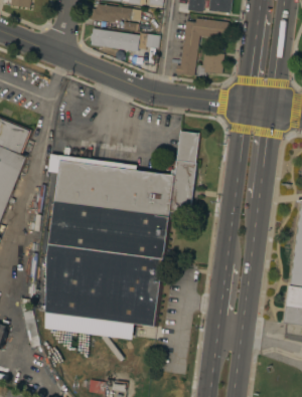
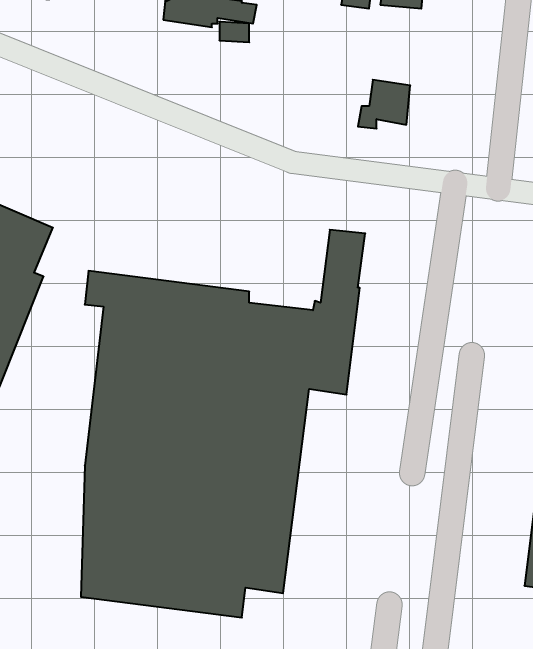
building: [174,18,226,75] -> none
building: [90,29,159,56] -> none

